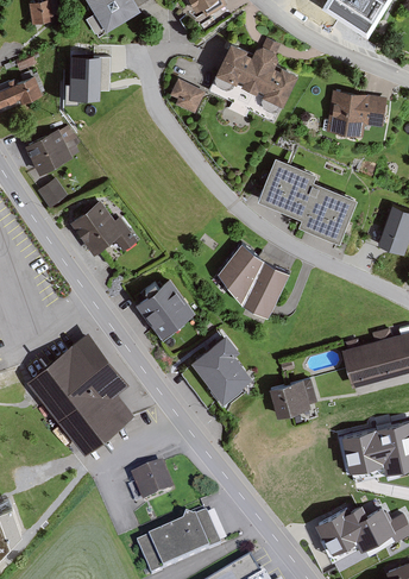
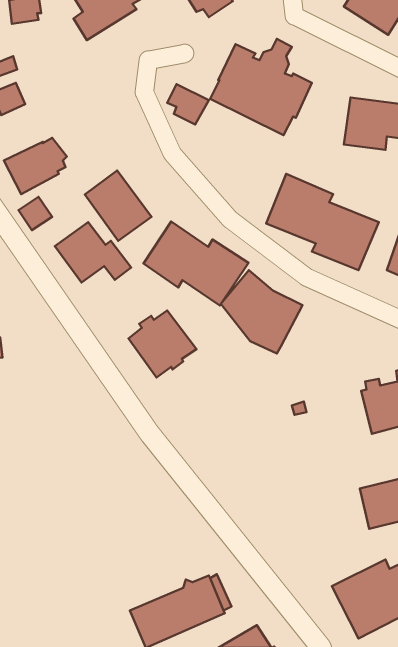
building: [69,56,109,102] -> none
building: none -> [85,170,151,241]
building: none -> [143,222,248,305]
building: [26,332,134,454] -> none
building: [189,334,252,403] -> none
building: [268,377,317,417] -> none
building: [130,464,175,505] -> none

